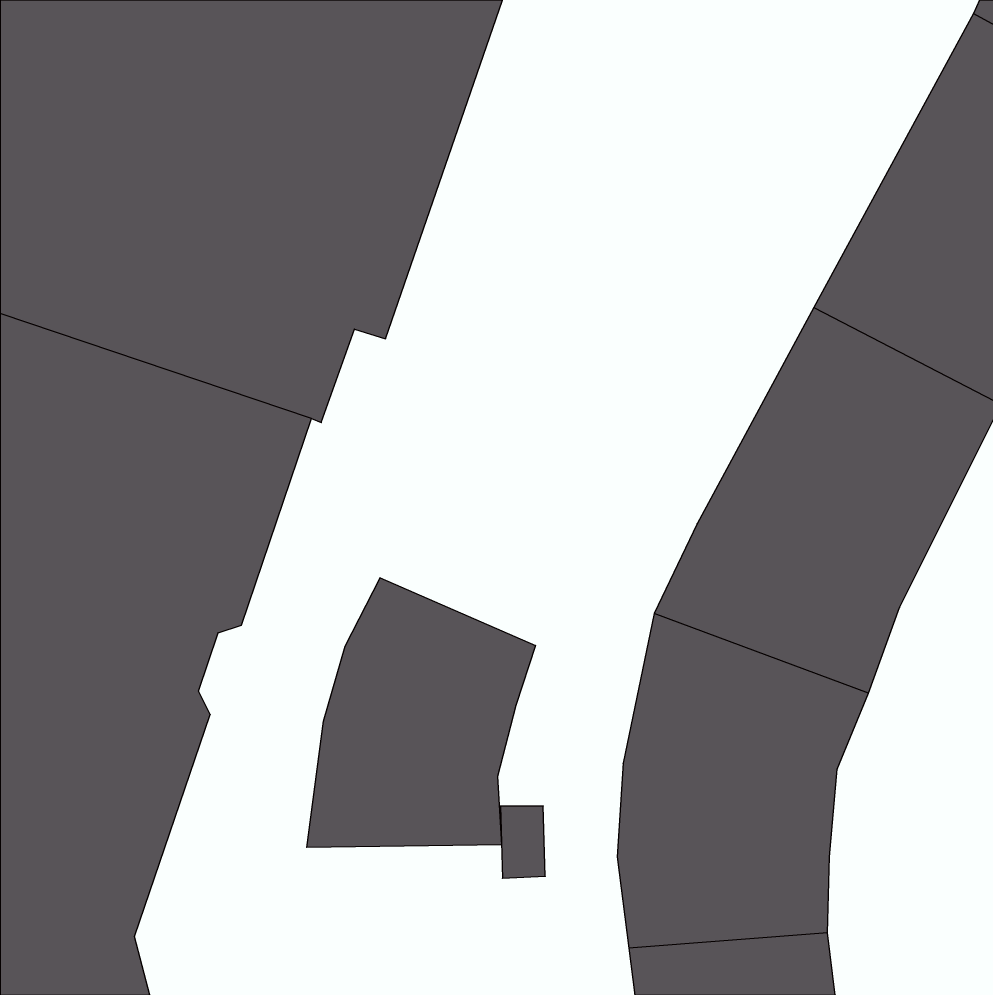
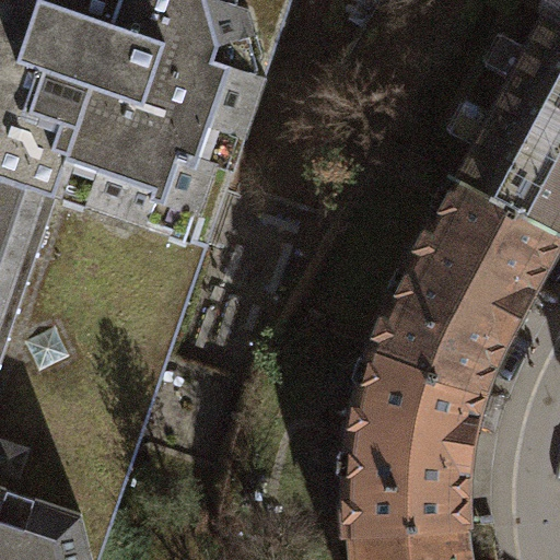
building: [307,578,535,847] -> none

